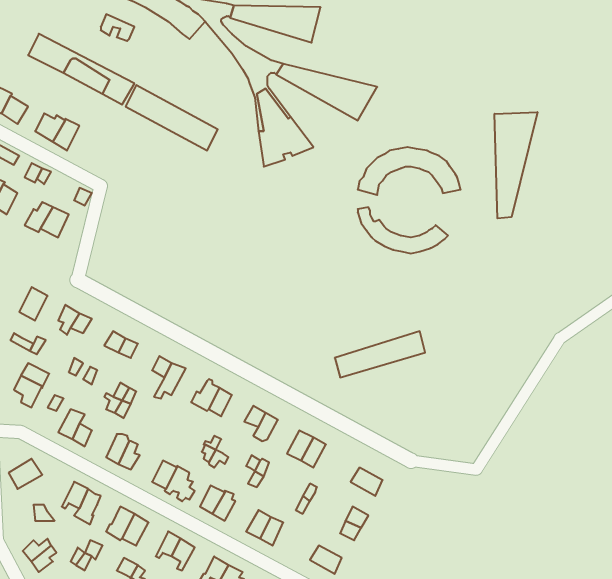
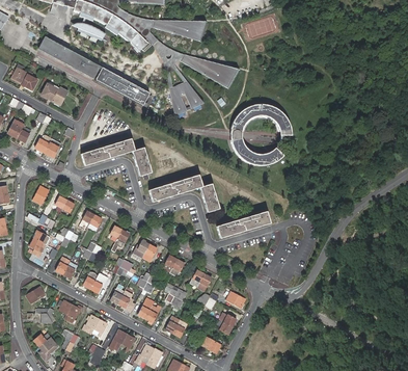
building: [495,112,537,218] -> none
building: none -> [81,139,152,176]
building: none -> [149,176,219,212]

